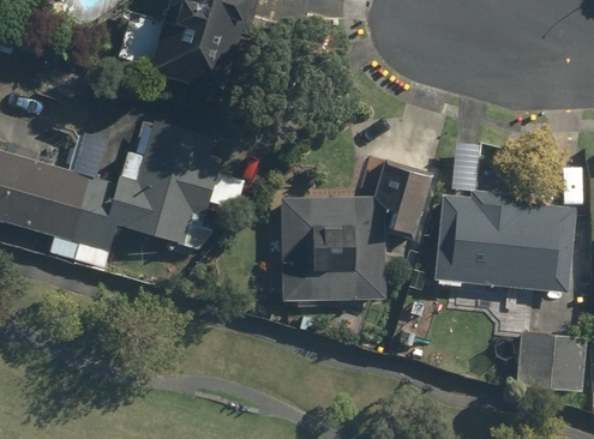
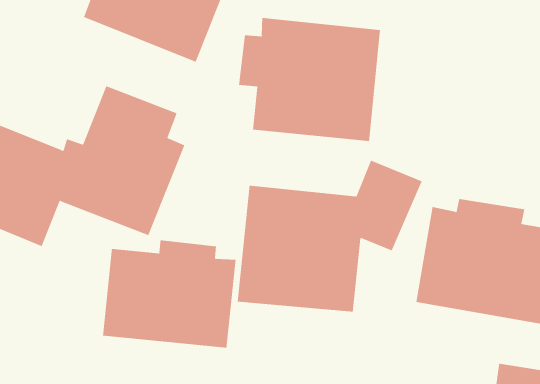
building: none -> [239,17,380,142]
building: none -> [103,239,236,348]

